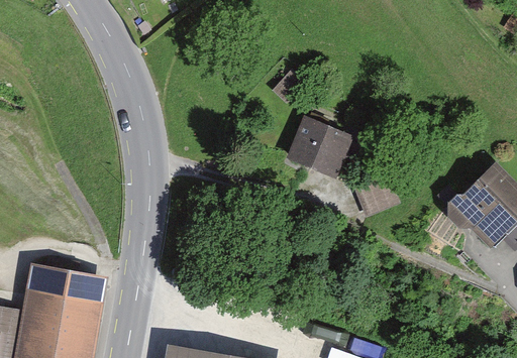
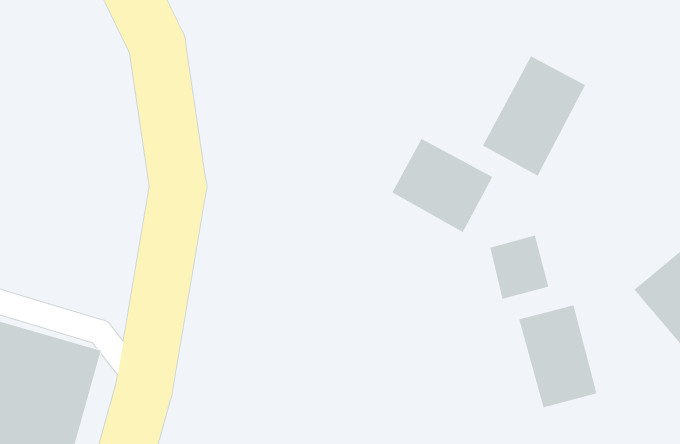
building: none -> [482,56,586,177]
building: none -> [518,305,597,408]

